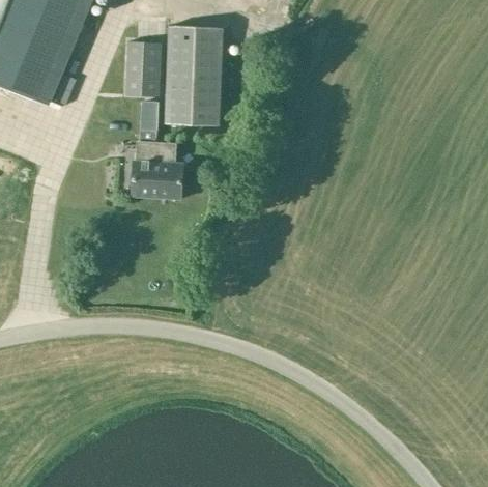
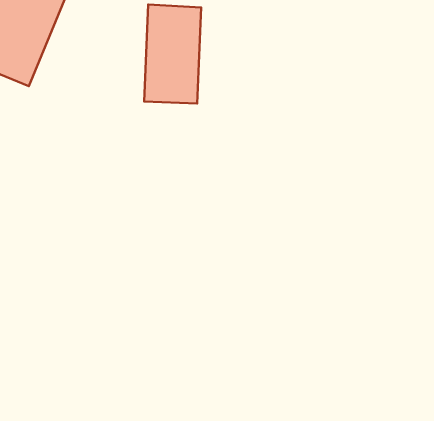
building: [124,42,160,97] -> none
building: [132,103,181,198] -> none

